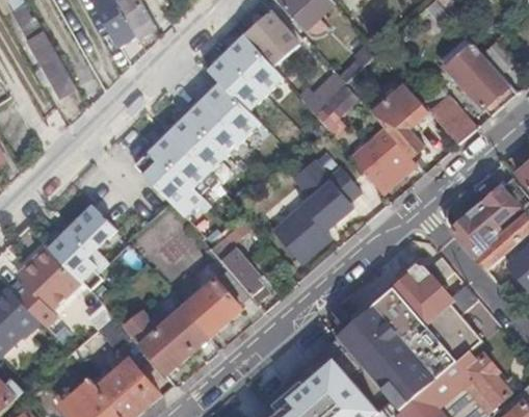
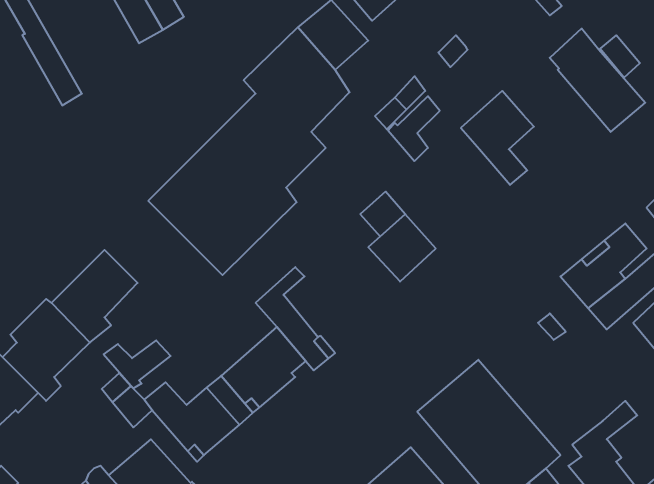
building: [420,85,474,142] -> none
building: [351,128,414,189] -> none
building: [270,205,328,264] -> none
building: [385,264,482,368] -> none
building: none -> [104,340,171,389]

